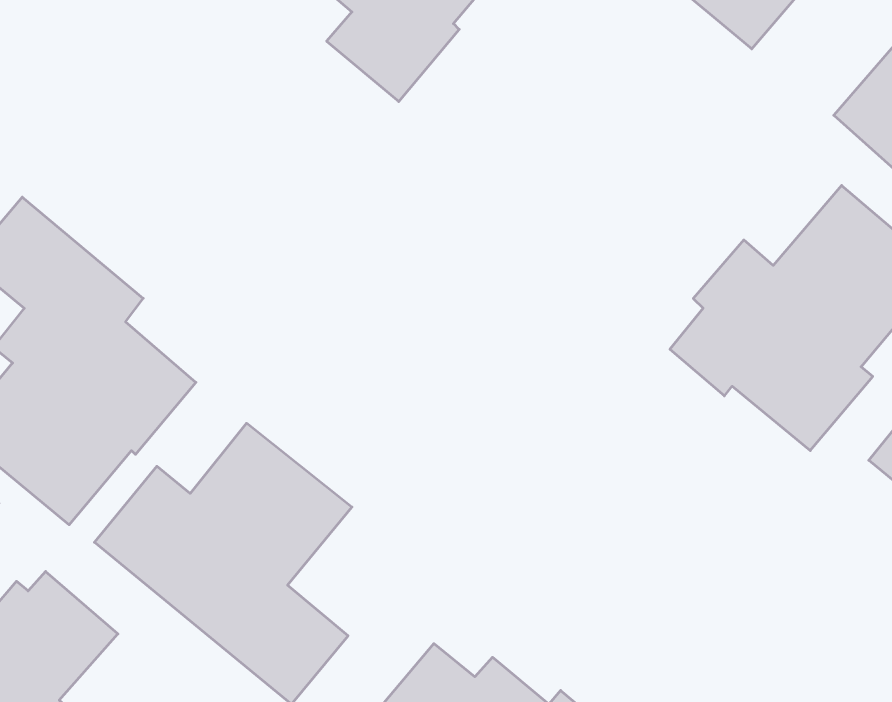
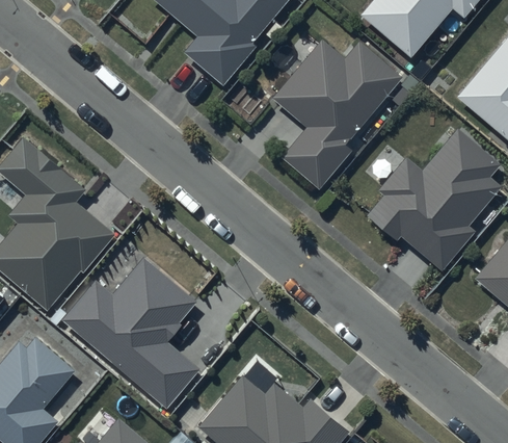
building: none -> [269,35,402,187]

